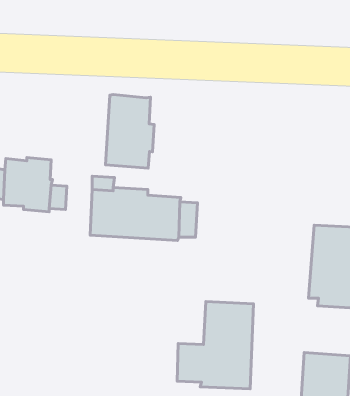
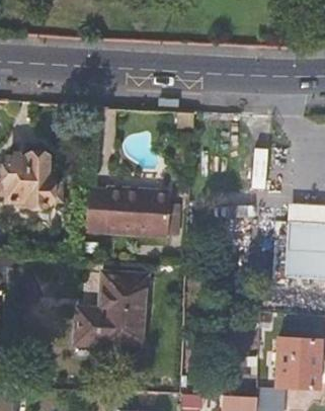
building: [105,95,154,168] -> none
building: [177,301,254,389] -> [72,271,142,351]

